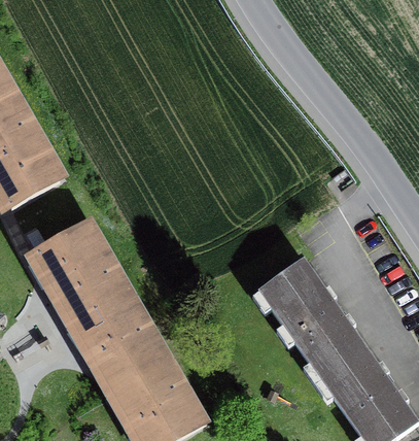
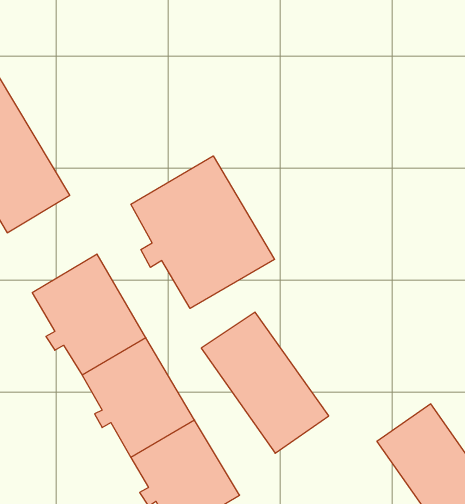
building: none -> [131,156,275,308]
building: [259,260,364,376] -> [201,312,329,453]

